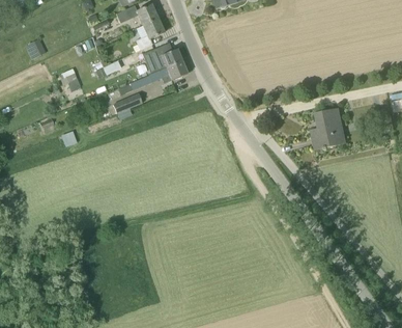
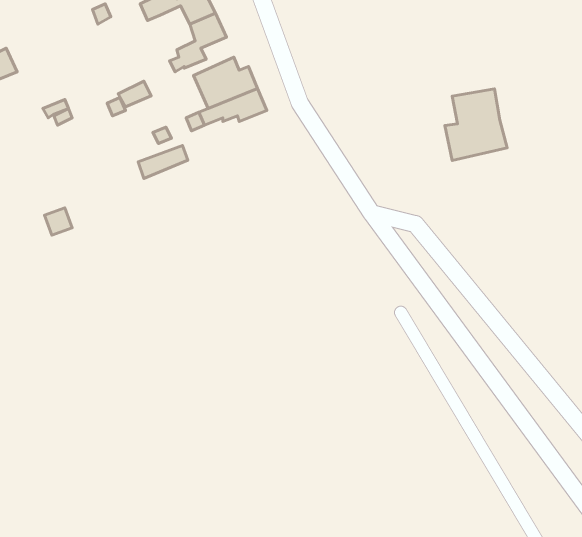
building: [311,109,346,149] -> [445,89,507,161]

